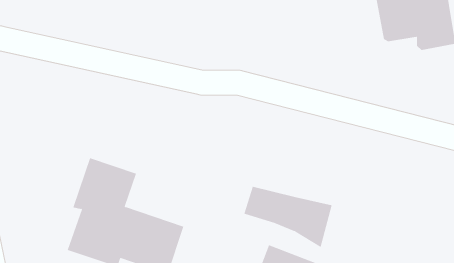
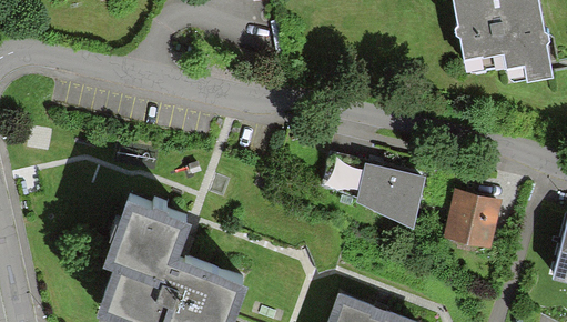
building: none -> [446,183,503,240]
building: [244,186,333,248] -> [315,154,419,227]

